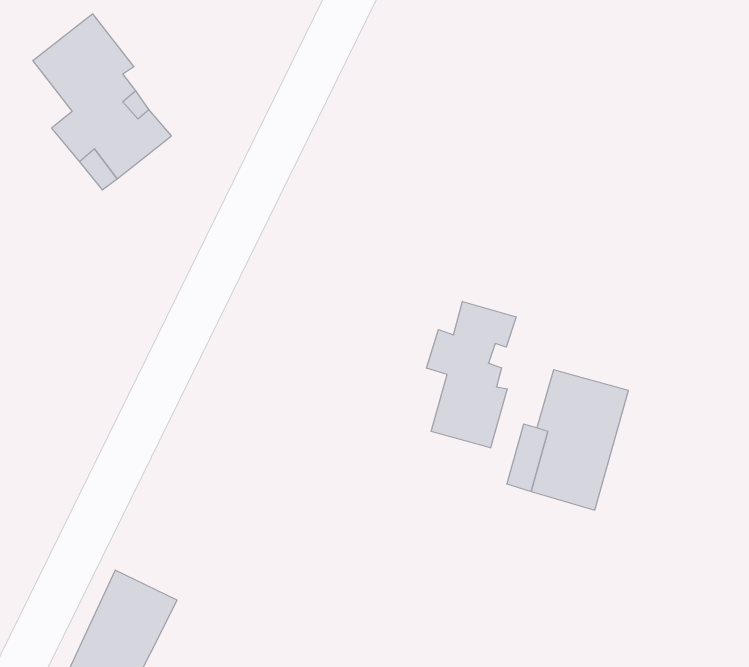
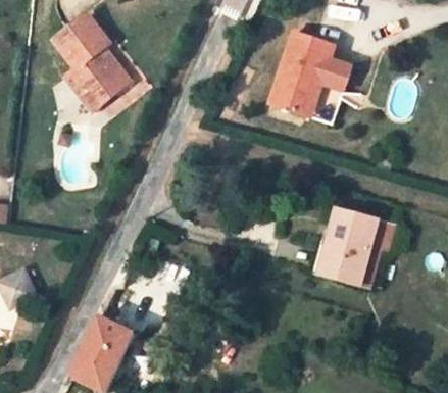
building: none -> [269,28,351,118]
building: [427,301,516,448] -> none

